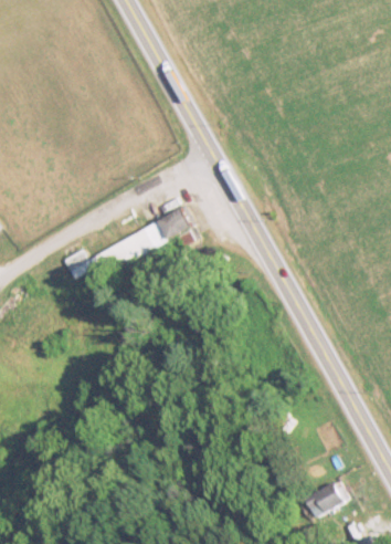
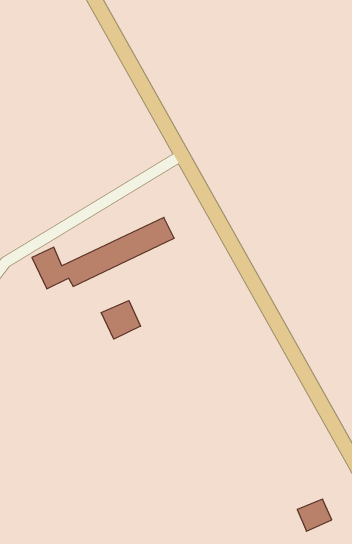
building: none -> [101,301,141,339]

